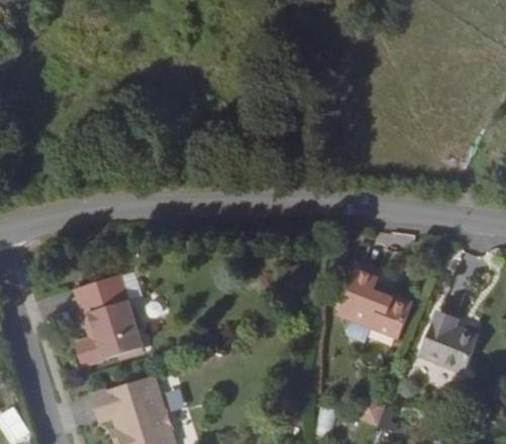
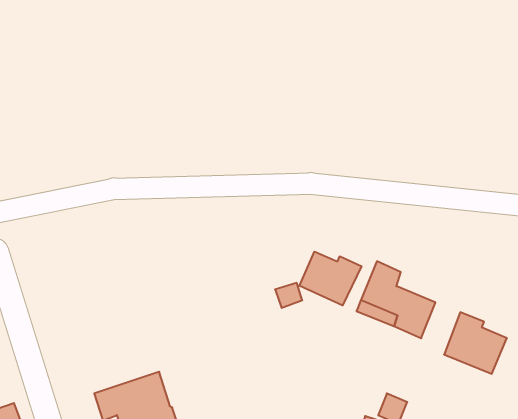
building: none -> [300,252,361,305]
building: [75,273,142,364] -> none

